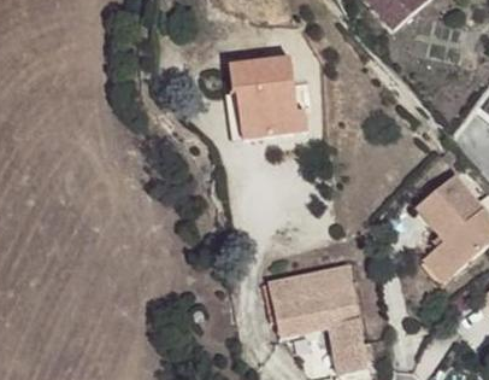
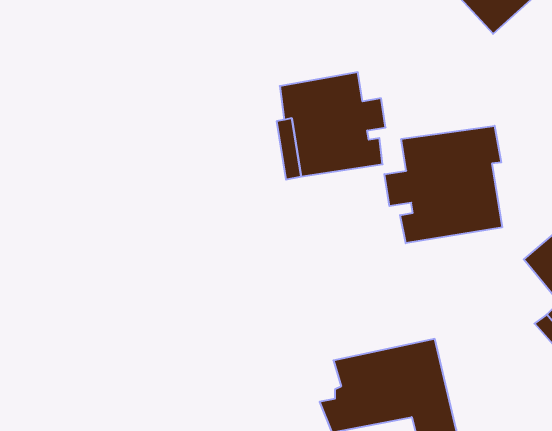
building: none -> [384,126,502,243]

